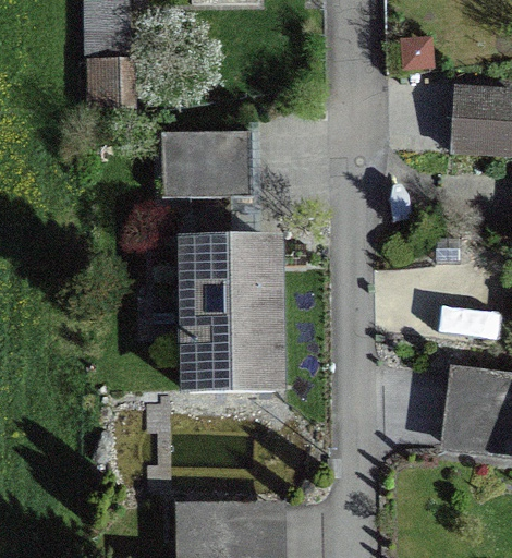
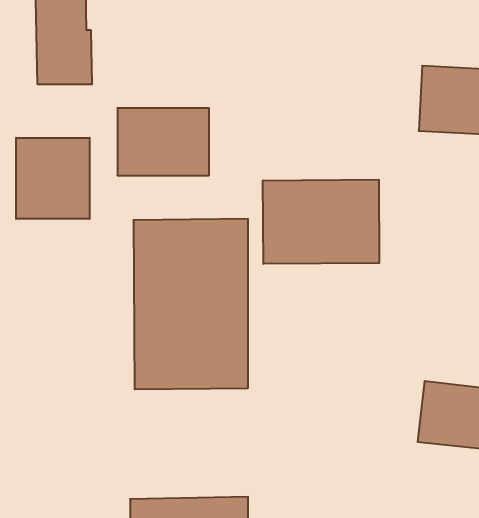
building: none -> [16,138,90,219]
building: none -> [263,180,379,264]

